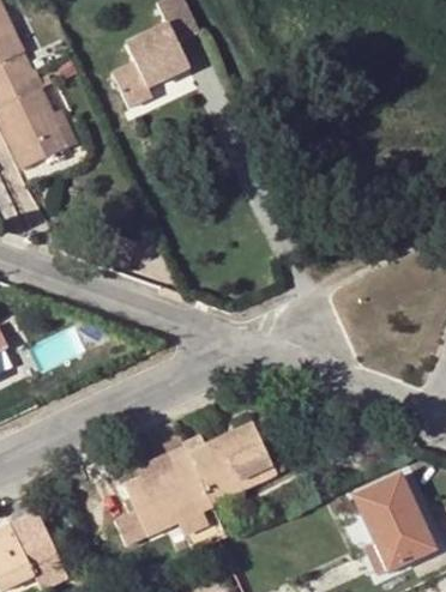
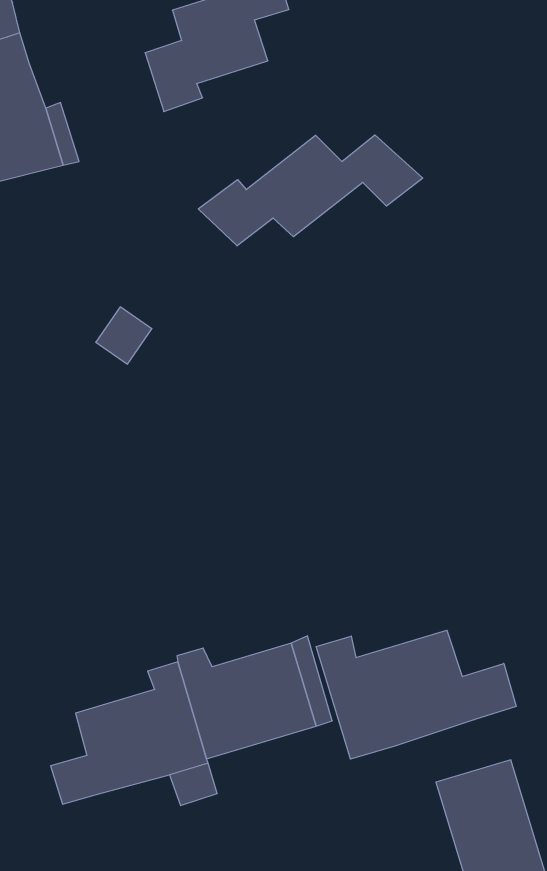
building: none -> [198,135,423,246]
building: none -> [316,630,516,759]

